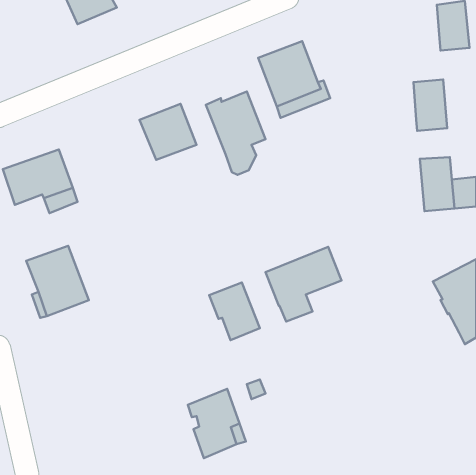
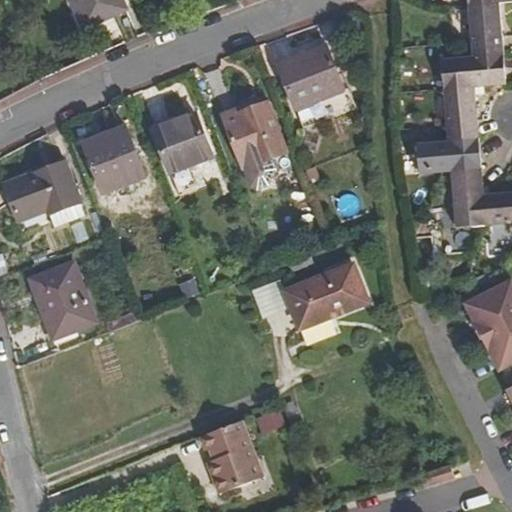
building: none -> [440,51,504,88]
building: none -> [82,124,143,191]
building: none -> [417,137,481,172]
building: [209,283,260,340] -> none

